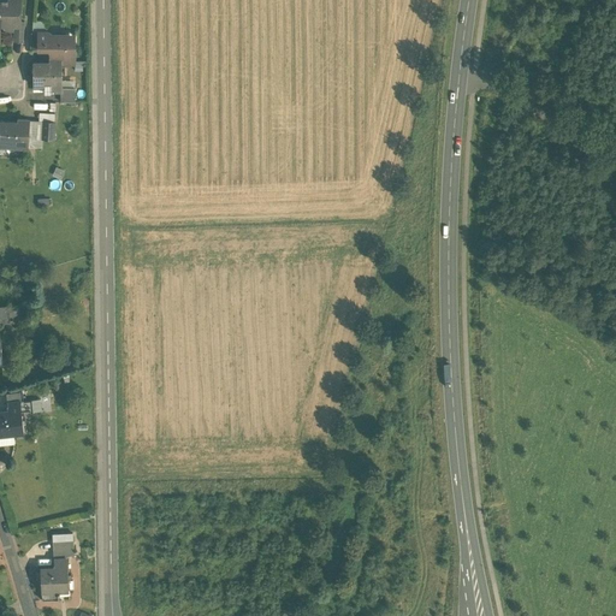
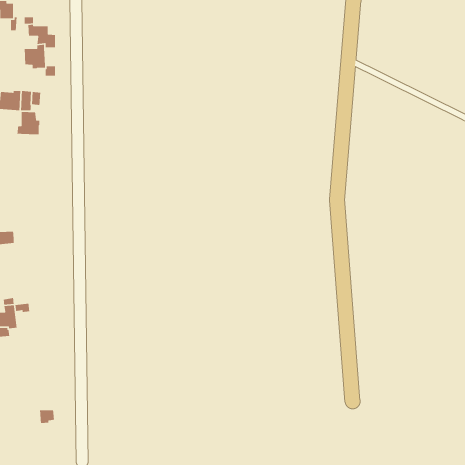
building: none -> [17,111,40,135]
building: [38,559,67,592] -> none

